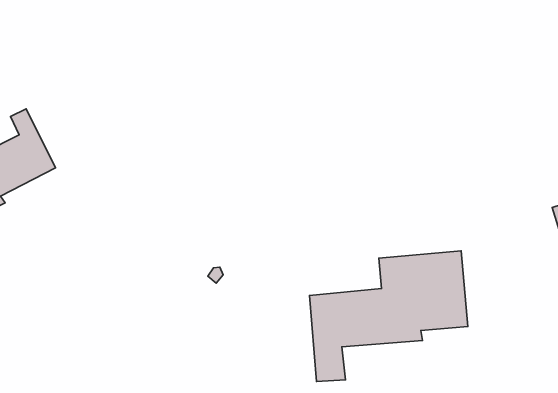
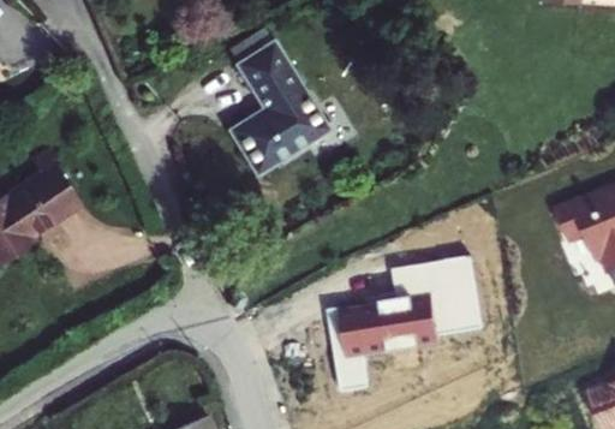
building: none -> [232,36,329,167]

